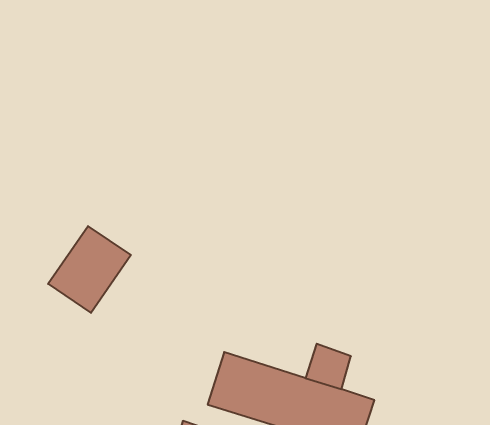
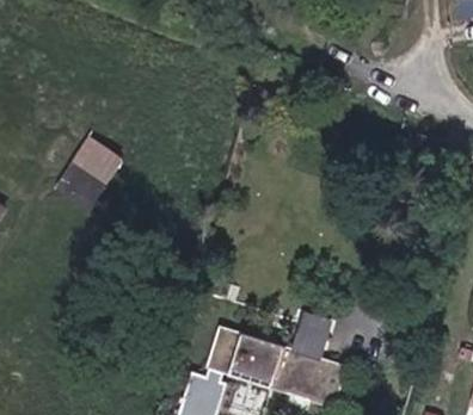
building: [48,226,131,313] -> [50,128,122,203]

